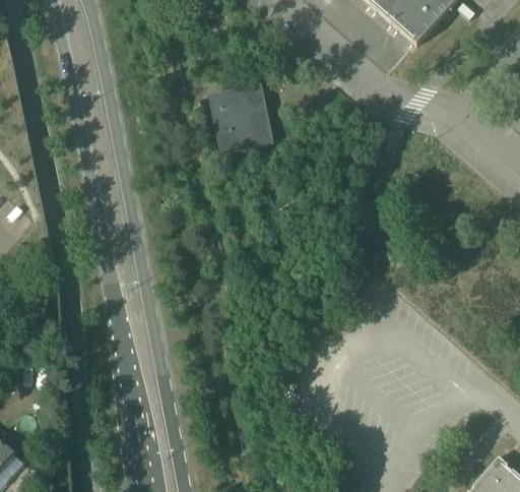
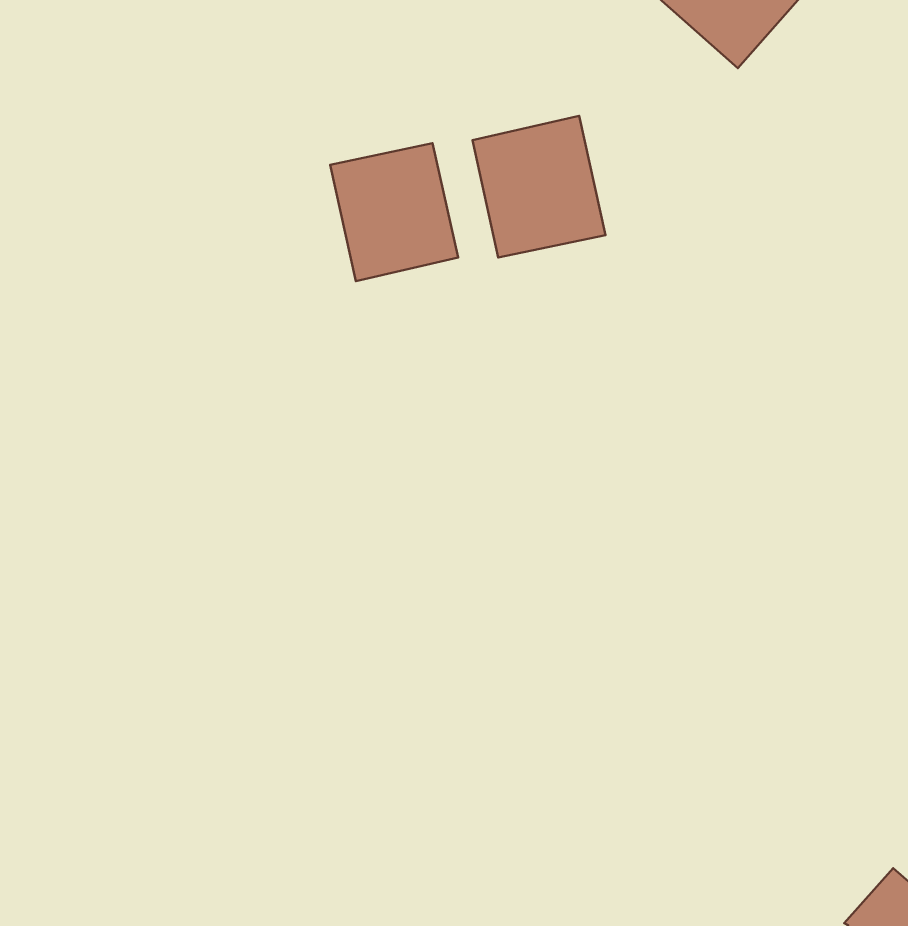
building: none -> [473,116,606,258]

